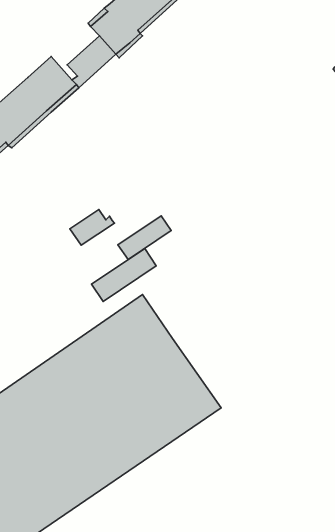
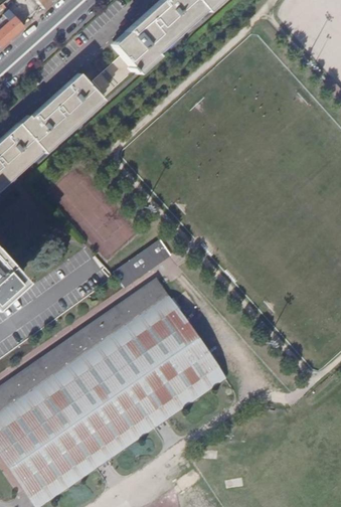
building: [70,210,115,245] -> none
building: [118,216,171,260] -> none

